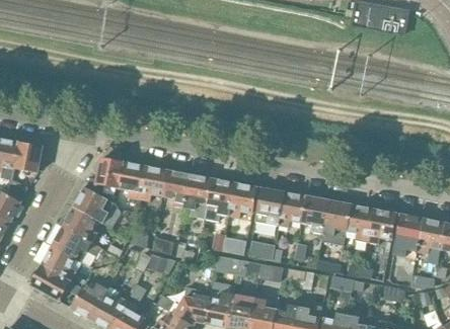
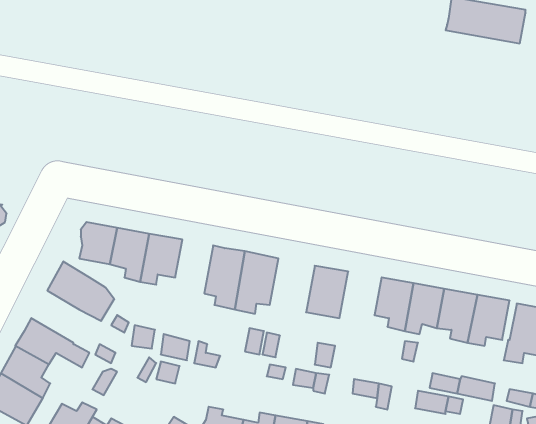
building: [163,170,190,208] -> none
building: [229,183,256,218] -> none
building: [278,192,307,227] -> none
building: [63,205,98,242] -> none

